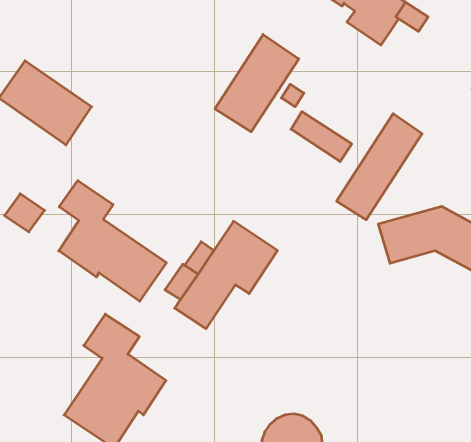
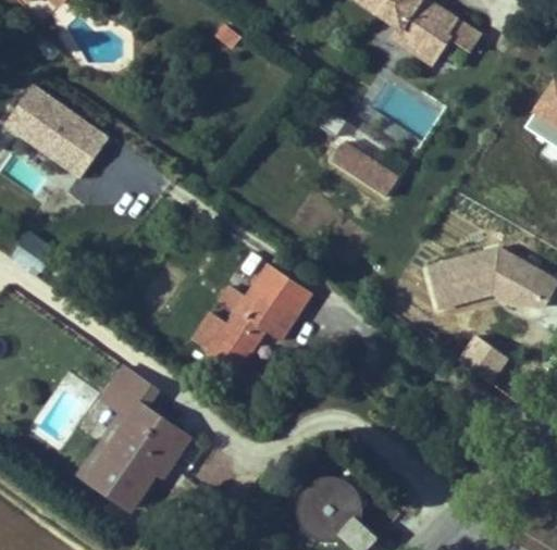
building: [215,34,299,132] -> none
building: [337,114,422,220] -> none
building: [59,181,166,301] -> none
building: none -> [457,335,509,384]

